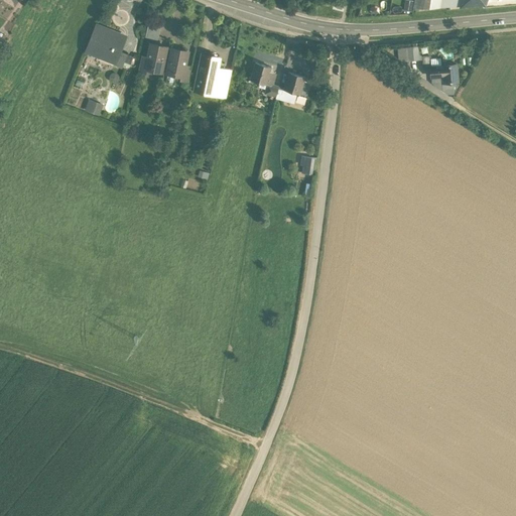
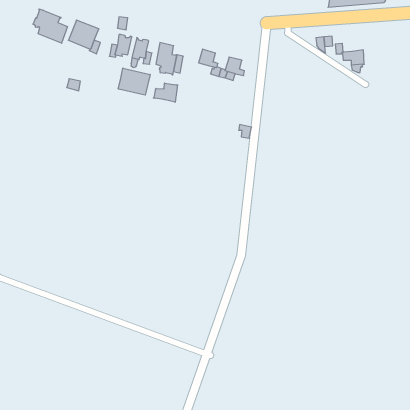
building: none -> [33,9,67,43]
building: none -> [118,68,150,95]
building: none -> [153,83,178,102]

